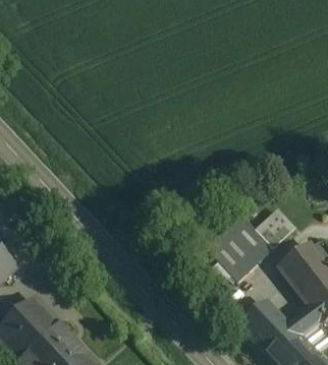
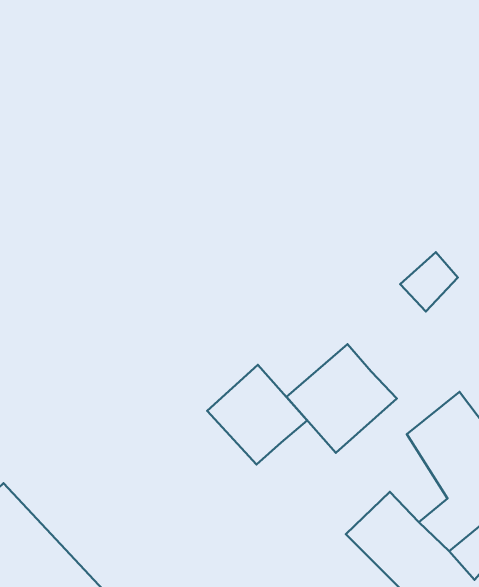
building: [258,212,292,248] -> [400,252,458,311]
building: none -> [207,365,307,465]

